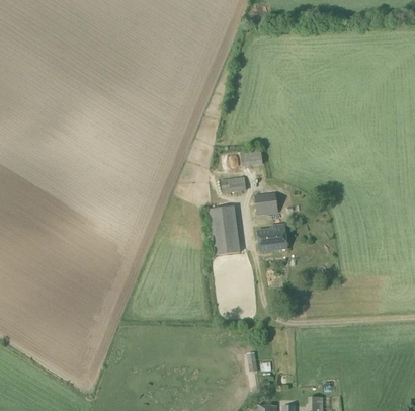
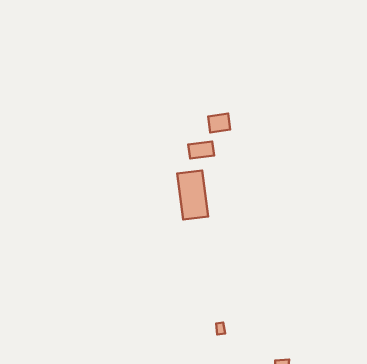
building: [254,192,277,215] -> none
building: [257,223,287,251] -> none

